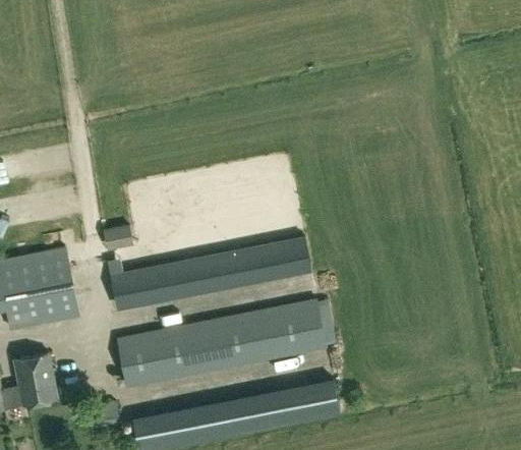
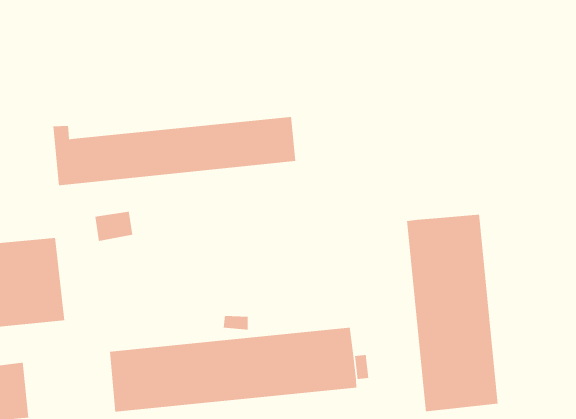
building: none -> [406,214,498,412]
building: [108,236,312,312] -> [53,116,296,186]

